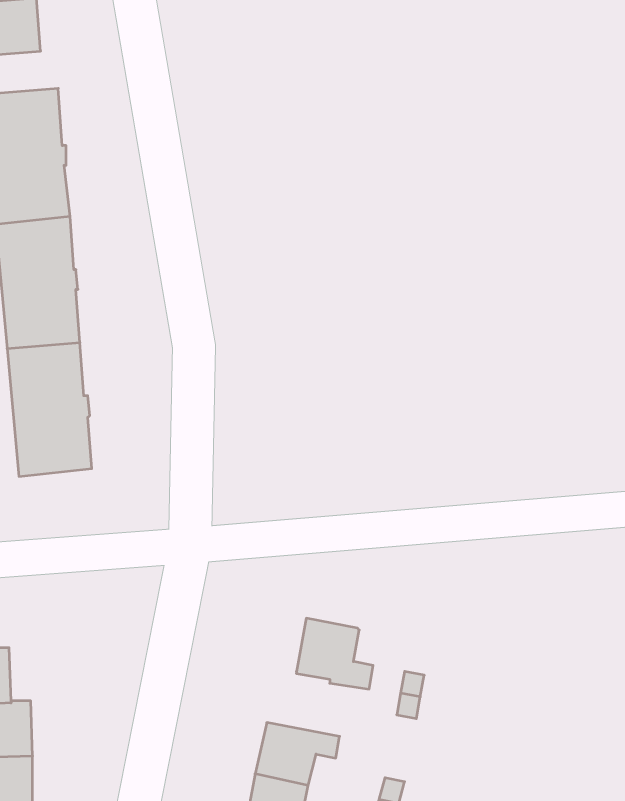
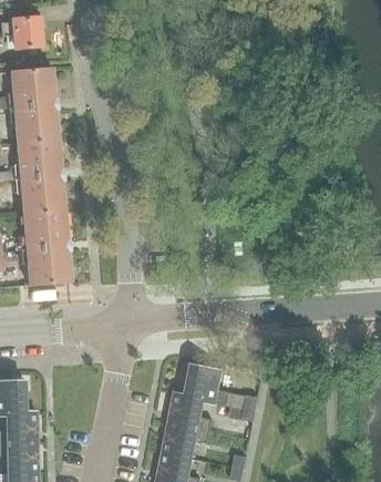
building: none -> [169,392,213,431]

